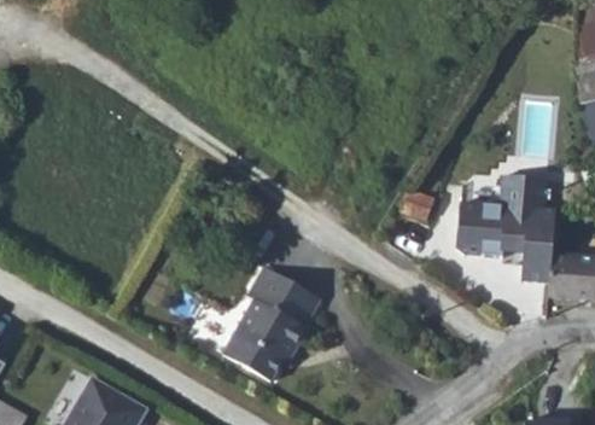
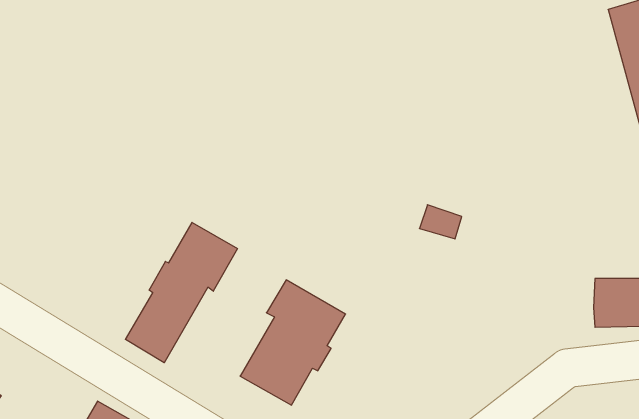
building: [456,177,555,285] -> none
building: none -> [125,222,237,363]

